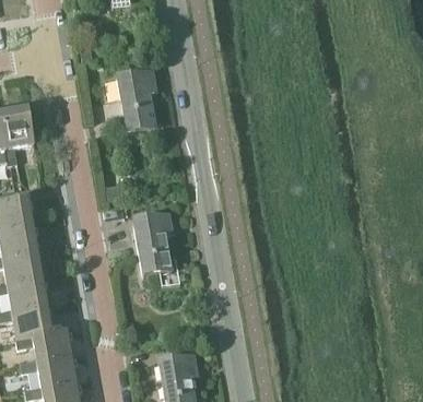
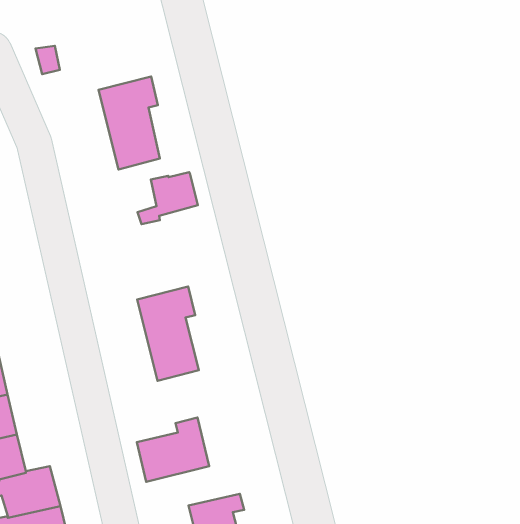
building: none -> [138,172,198,224]
building: none -> [137,418,209,482]

